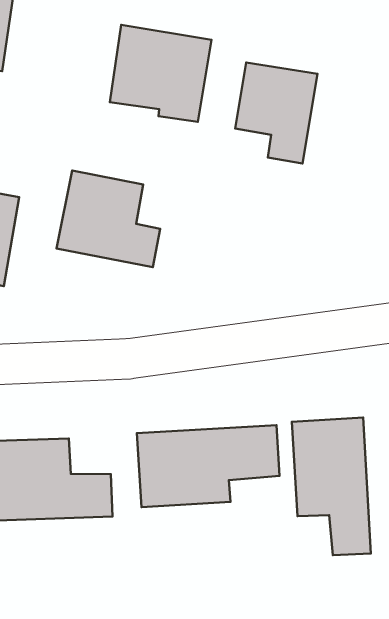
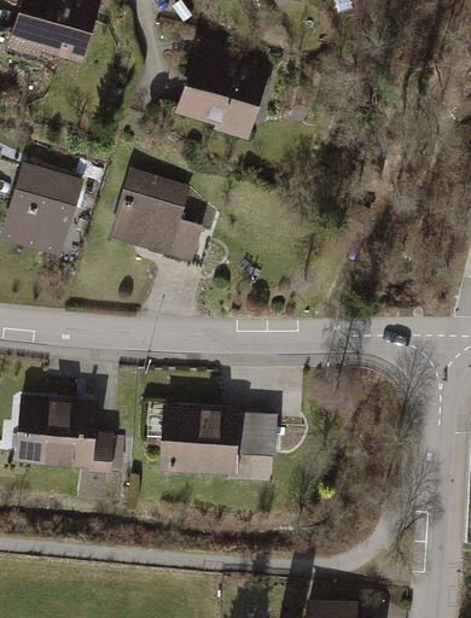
building: [235,62,317,163] -> none
building: [292,418,371,555] -> none

